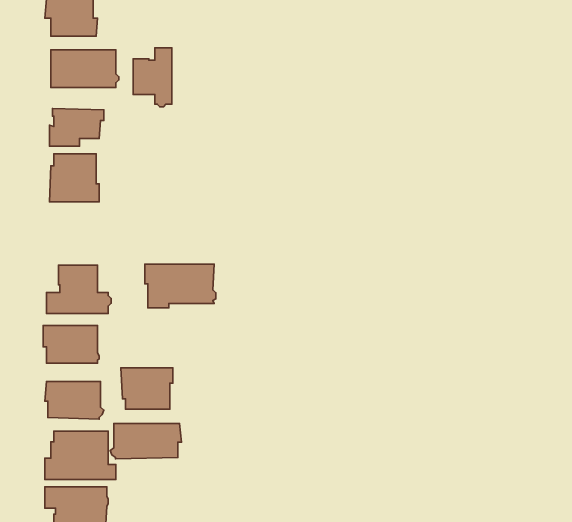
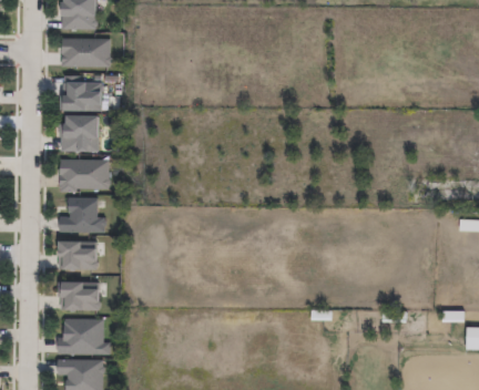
building: [133,48,172,107] -> none
building: [145,264,216,308] -> [58,160,110,192]
building: [121,368,173,409] -> none
building: [110,424,181,459] -> none

